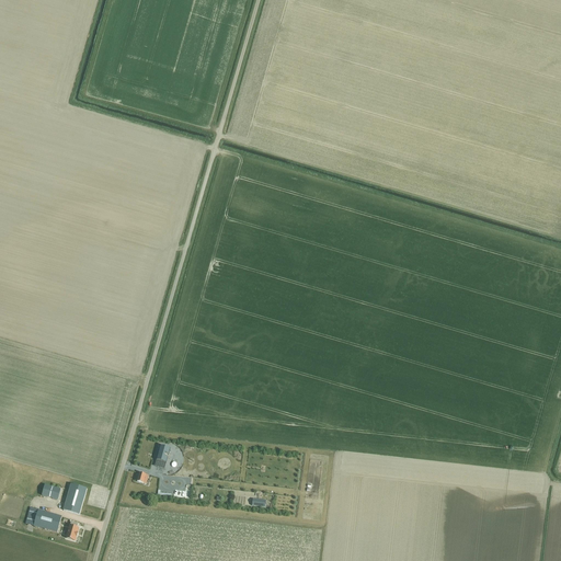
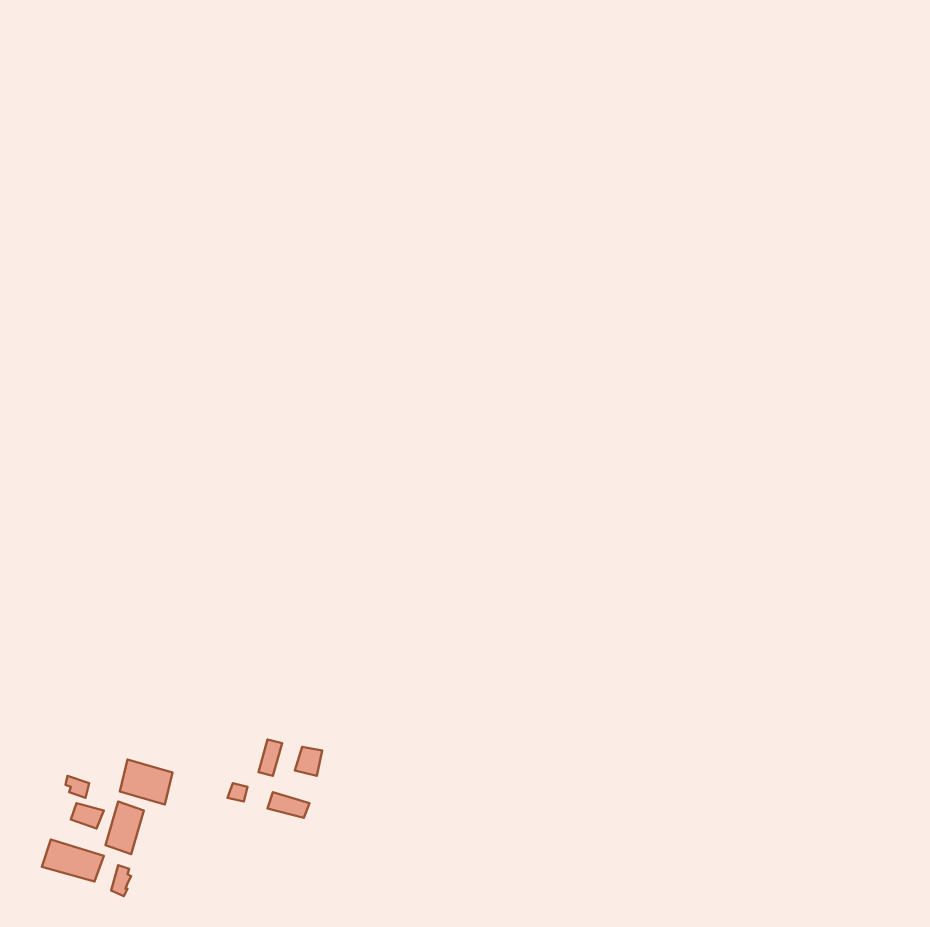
building: none -> [120,759,172,805]

